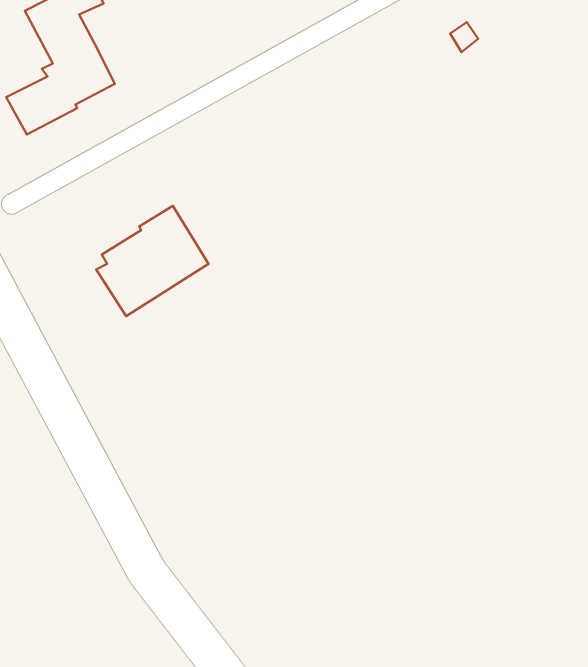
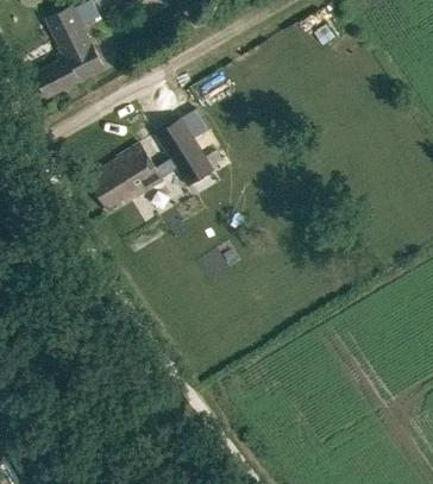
building: none -> [157,117,215,184]

